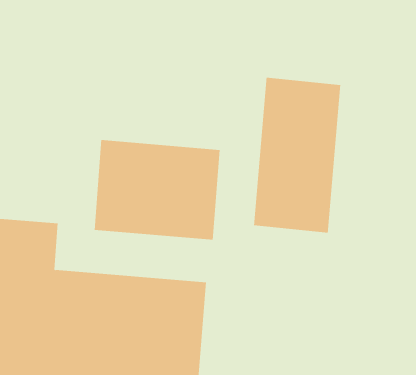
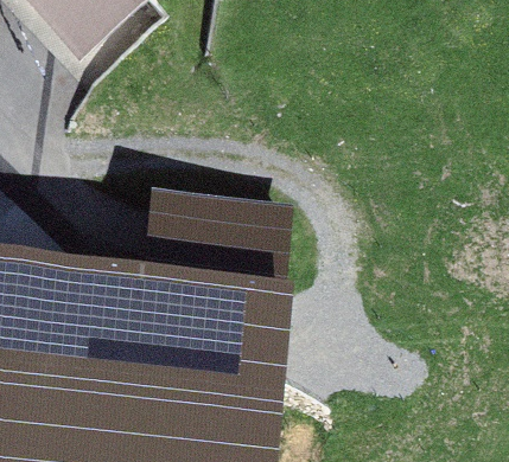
building: [253,77,341,233] -> none

